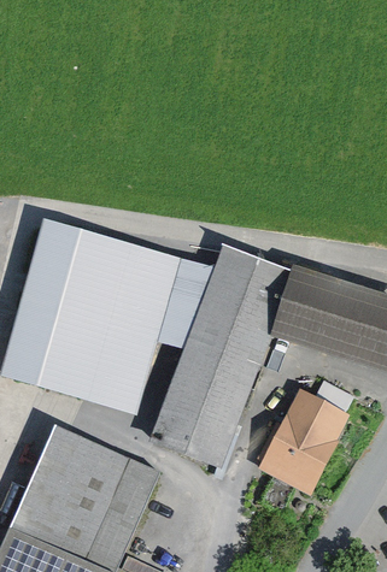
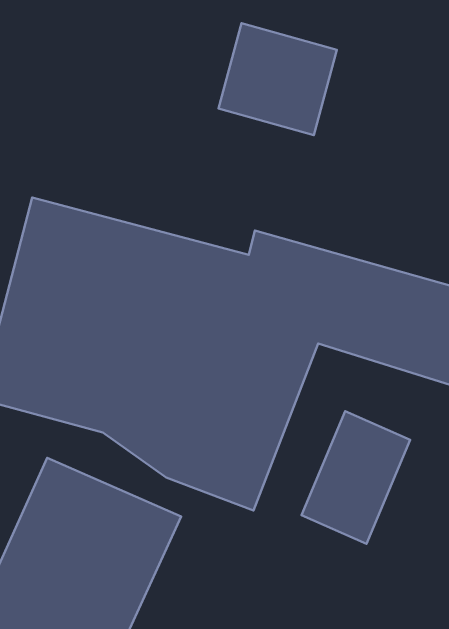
building: none -> [219,23,337,135]

